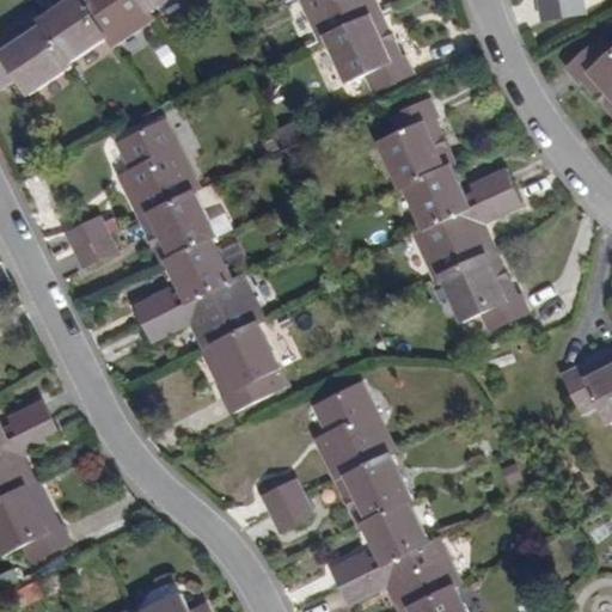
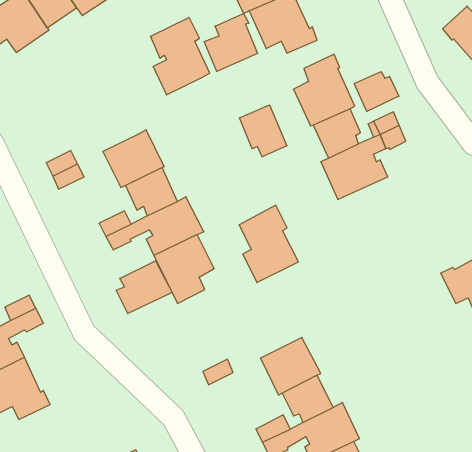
building: none -> [204,14,258,71]
building: none -> [354,72,399,112]
building: [116,121,191,219] -> [150,17,210,95]
building: none -> [240,105,287,157]
building: [441,251,530,330] -> none
building: none -> [116,261,172,314]
building: [313,382,388,481] -> [239,205,298,283]

